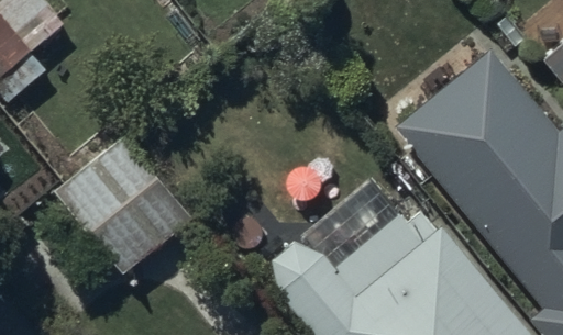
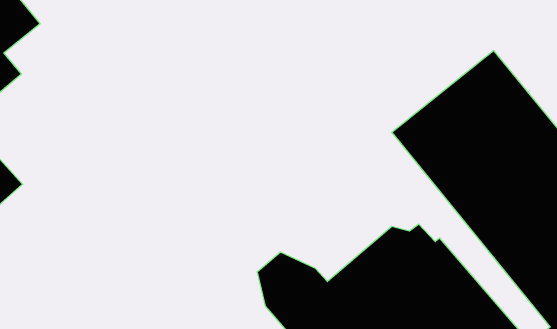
building: [53,132,194,273] -> none

